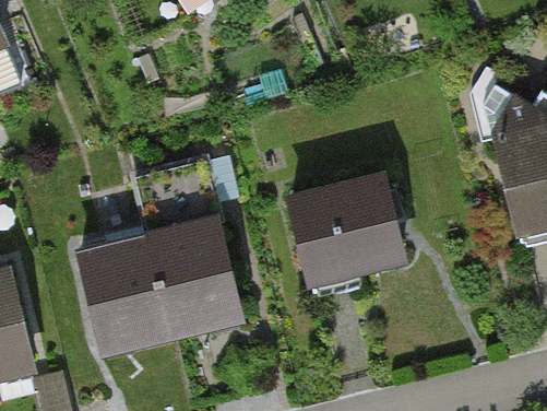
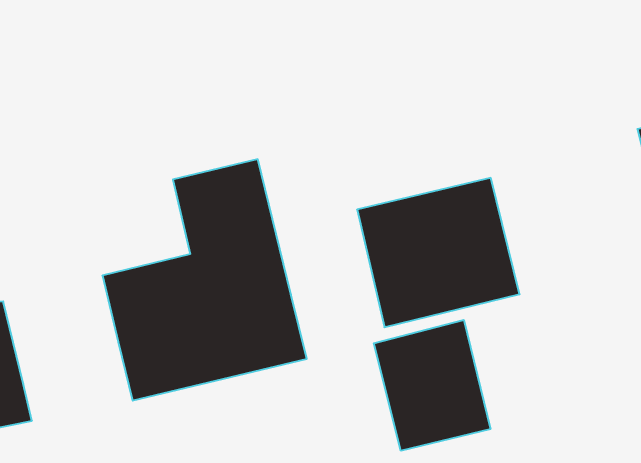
building: none -> [374,320,490,451]

